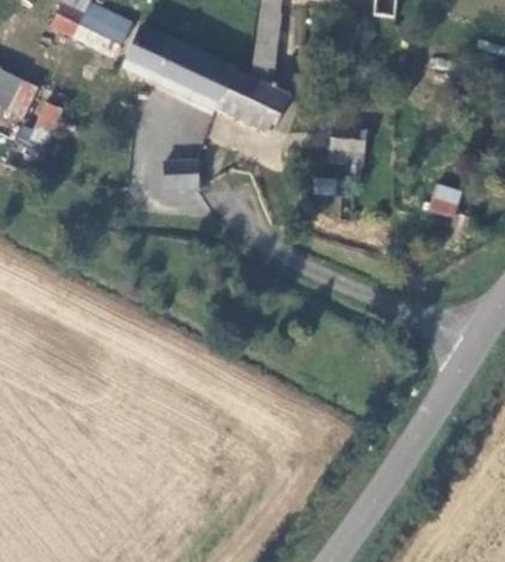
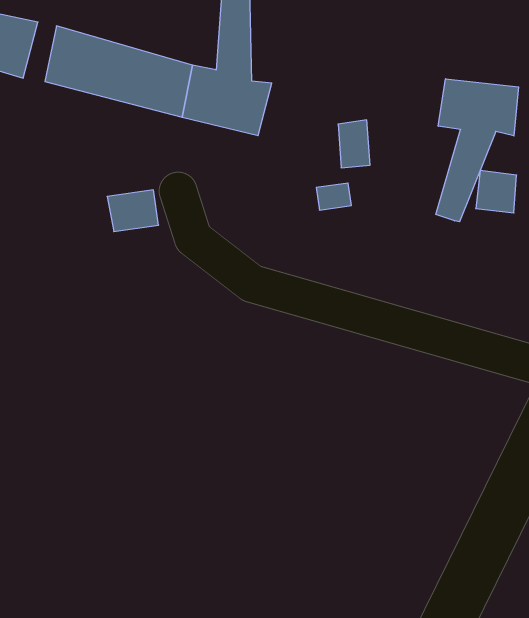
building: none -> [436,79,519,222]

